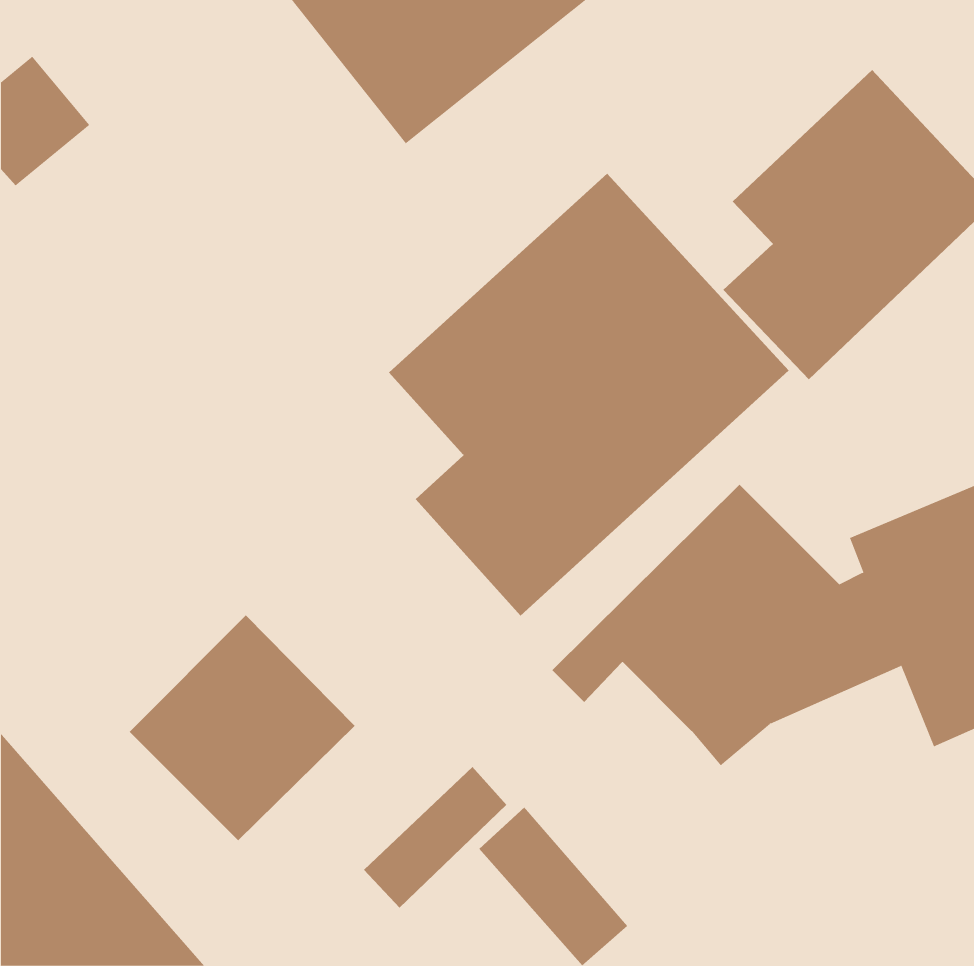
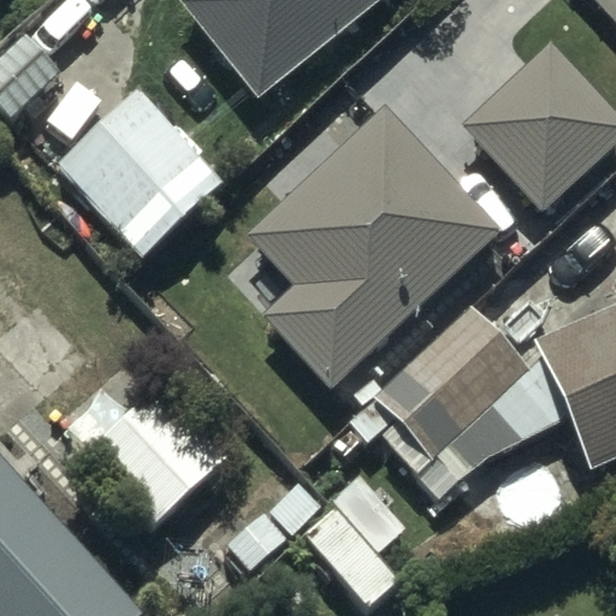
building: none -> [59,90,223,255]

